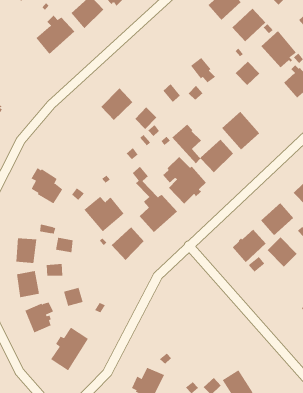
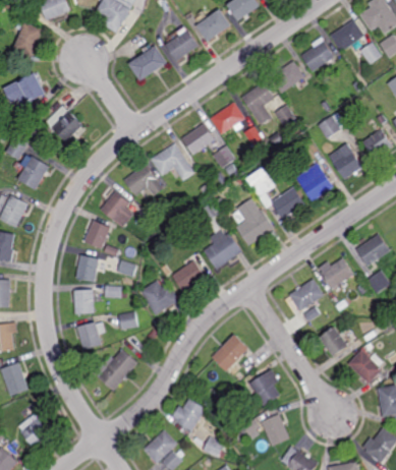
building: [232,8,266,42] -> [269,60,303,93]
building: [261,30,297,68] -> [328,142,362,180]
building: none -> [240,82,273,126]
building: none -> [209,102,244,135]
building: none -> [149,143,193,181]
building: none -> [122,164,163,196]
building: [84,196,125,232] -> [138,281,178,316]
building: none -> [83,220,110,249]
building: [267,237,297,267] -> [319,328,348,358]
building: none -> [210,335,249,373]
building: none -> [248,370,280,407]

